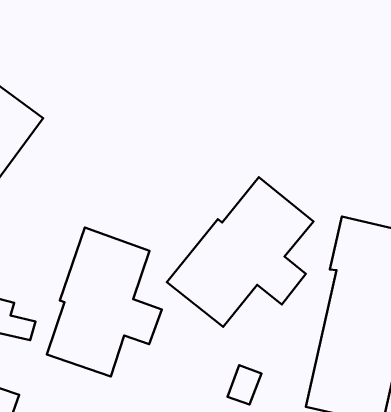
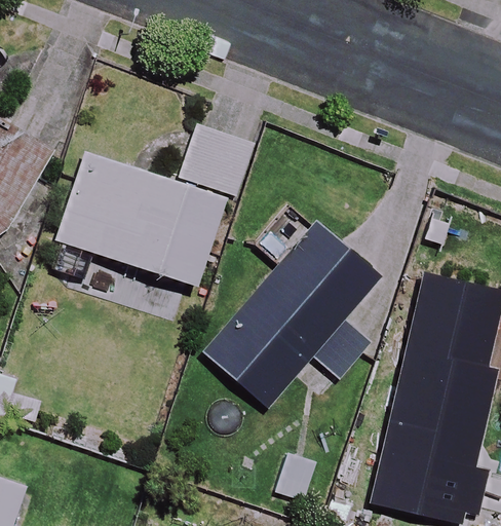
building: none -> [56,124,255,287]
building: [47,227,162,376] -> none

